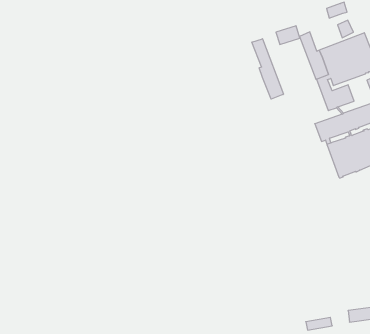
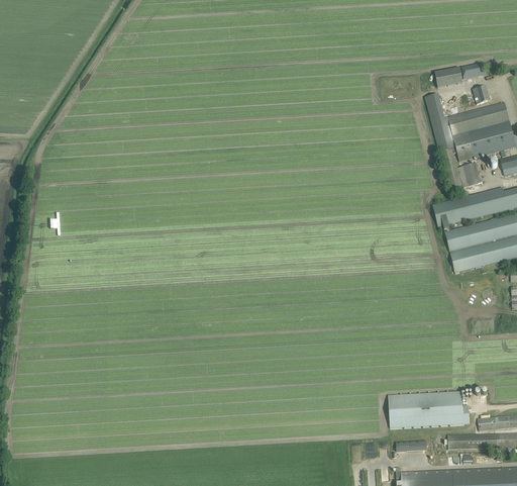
building: [276,26,300,44] -> [434,68,462,88]
building: [252,39,284,99] -> none
building: none -> [388,391,470,428]

